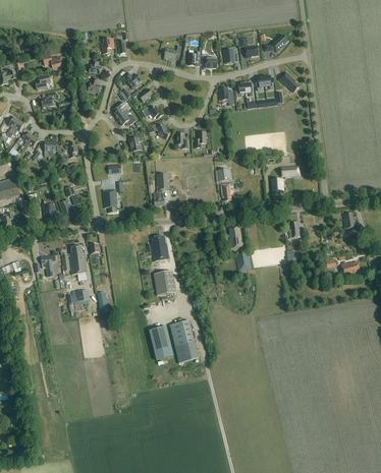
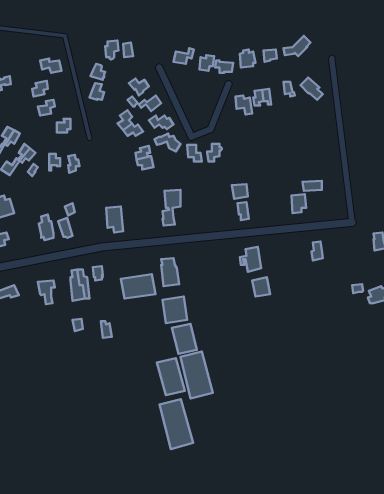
building: none -> [121,274,155,299]
building: none -> [172,324,197,354]
building: none -> [160,399,193,449]

